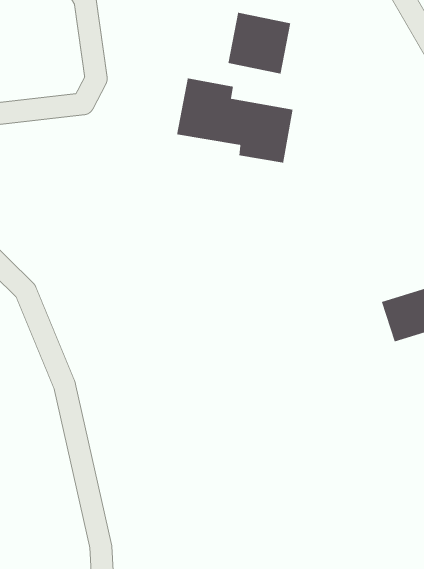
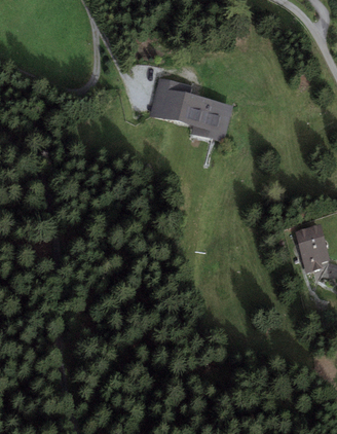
building: [227,12,291,75] -> none

